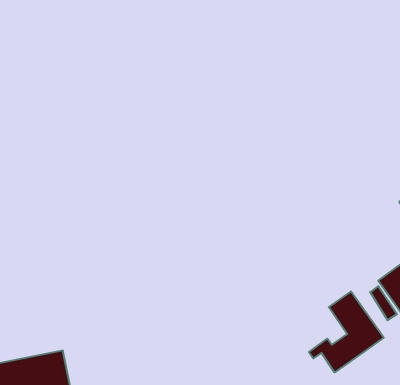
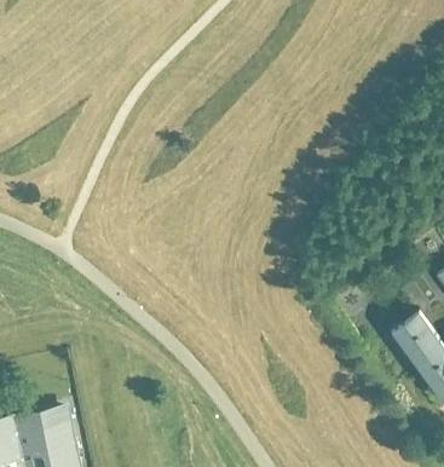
building: [309,291,384,372] -> none

